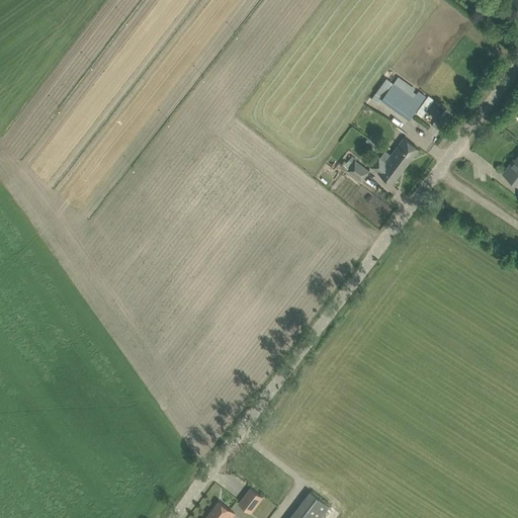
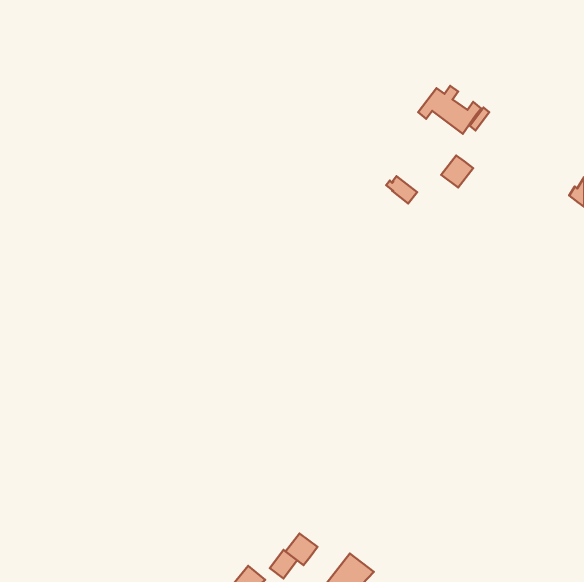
building: [370,153,406,185] -> none
building: none -> [285,533,318,565]

